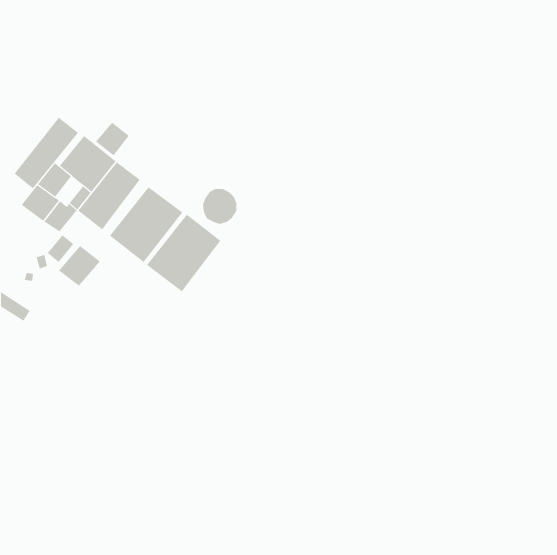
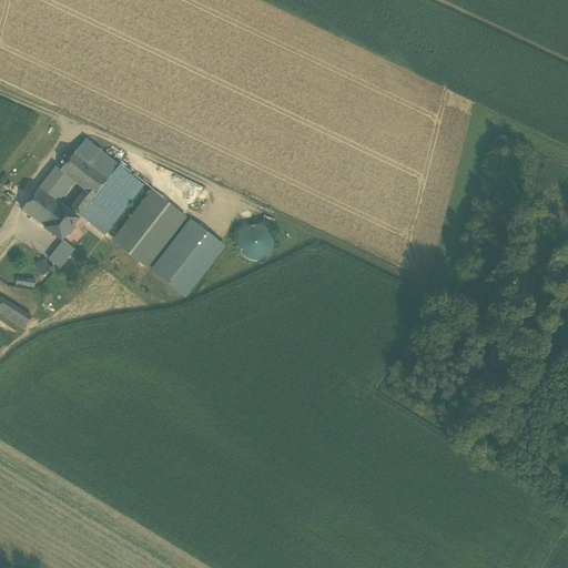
building: [14,117,79,189] -> none
building: [95,122,130,156] -> none
building: [202,188,237,224] -> [237,223,273,260]
building: [58,245,101,287] -> none

